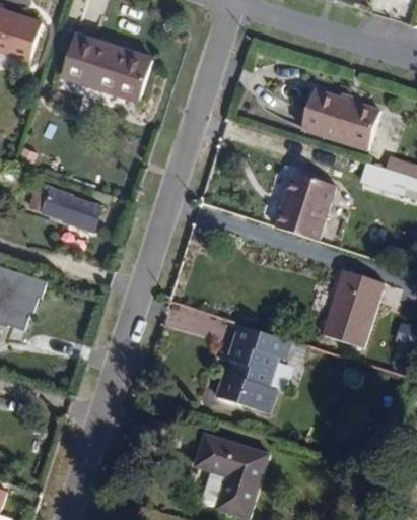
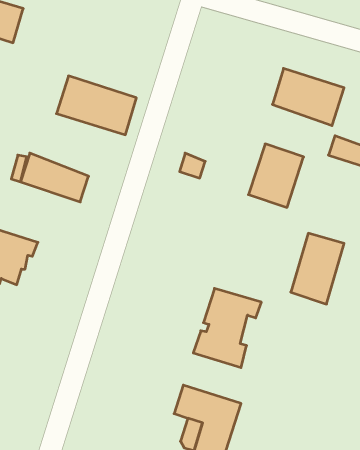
building: [59,35,147,100] -> [56,76,136,135]

